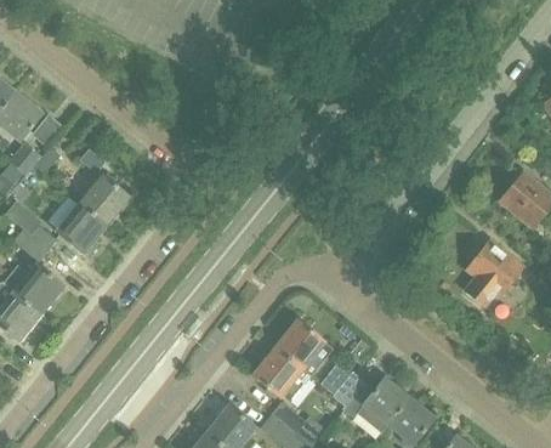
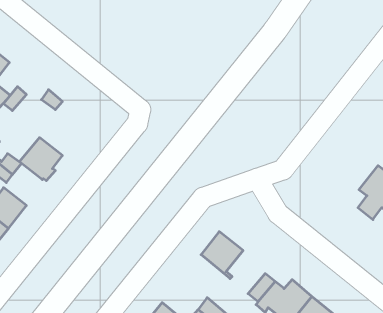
building: [78,174,129,226] -> none
building: [251,346,309,402] -> none

